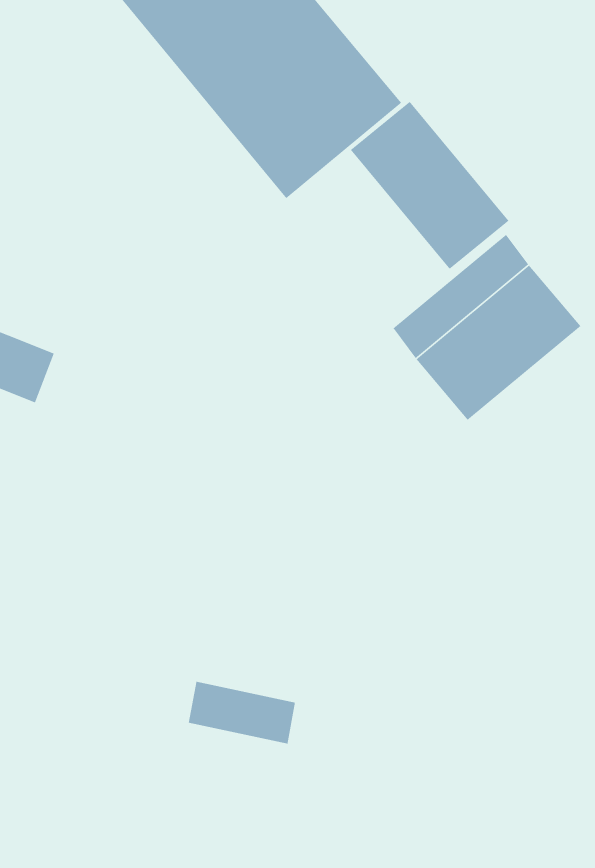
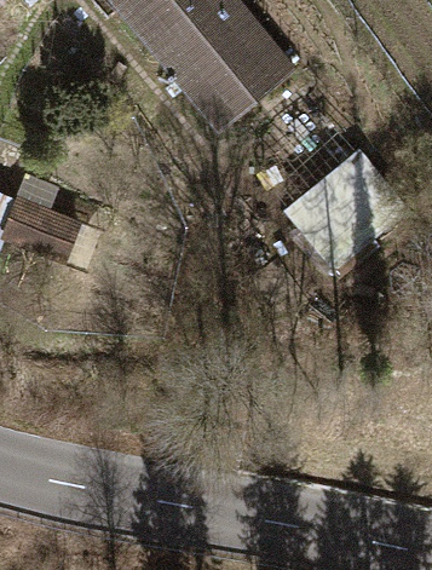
building: [350,101,510,270] -> none

